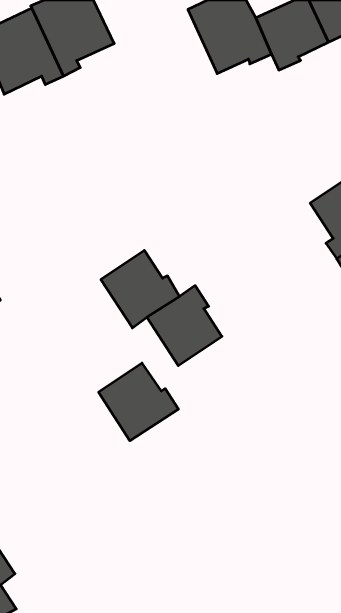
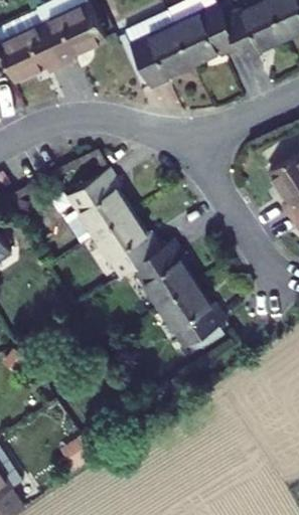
building: none -> [123,11,191,90]
building: none -> [63,170,131,245]
building: [99,363,178,441] -> [159,284,226,348]

